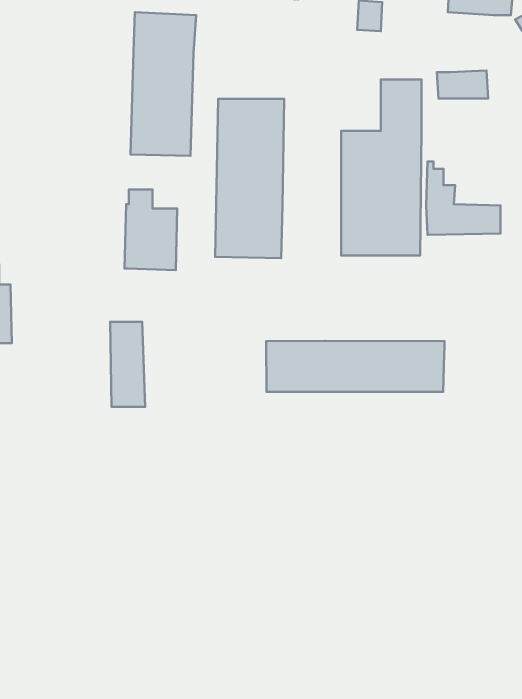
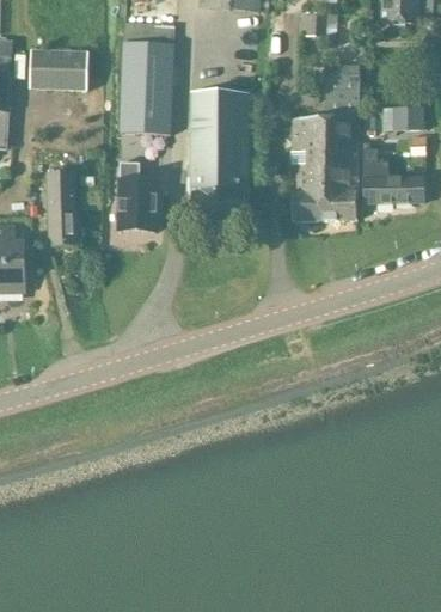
building: none -> [29,48,87,91]
building: [437,71,488,98] -> [381,105,423,128]
building: [110,322,145,407] -> [48,172,76,241]
building: [266,341,445,392] -> none

